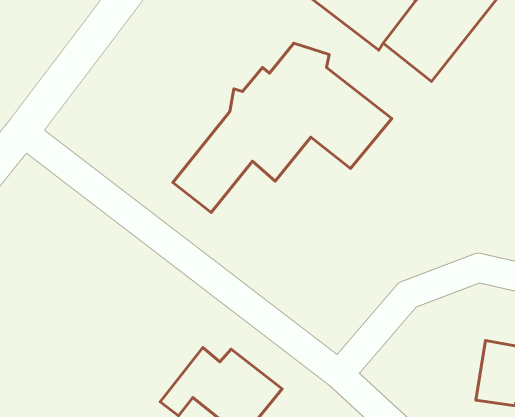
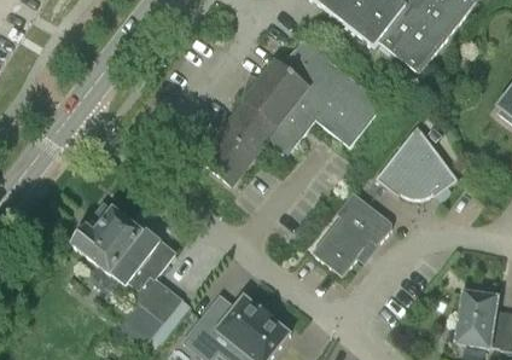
building: none -> [376,126,456,203]
building: none -> [312,192,390,277]
building: none -> [74,203,182,330]

